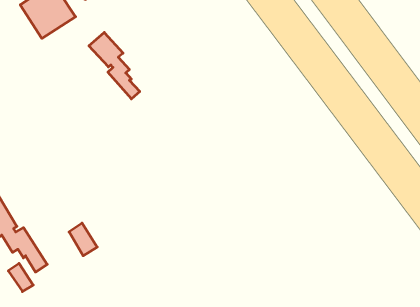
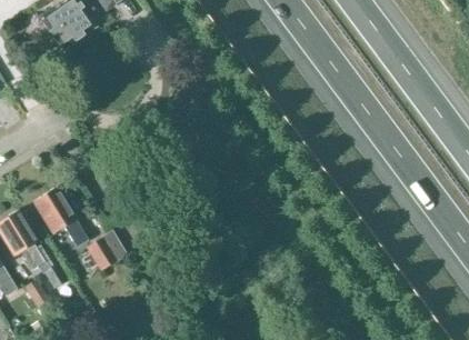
building: [89,32,140,99] -> none
building: none -> [31,186,80,236]

